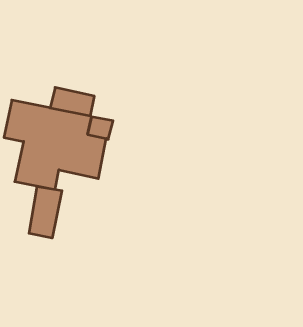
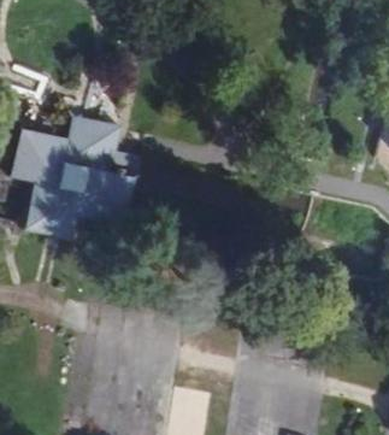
building: [29,187,62,238] -> none

